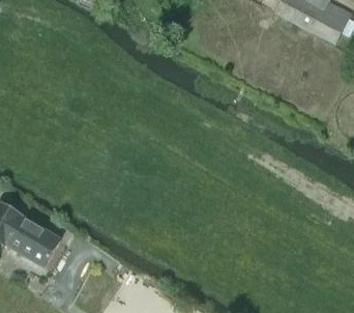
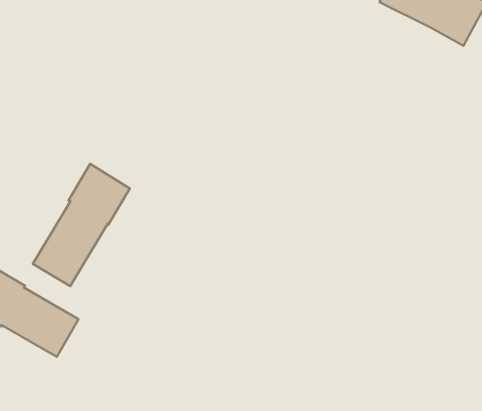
building: none -> [33,164,130,286]

